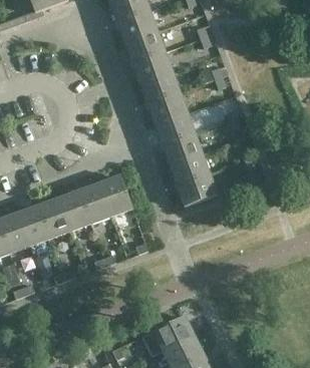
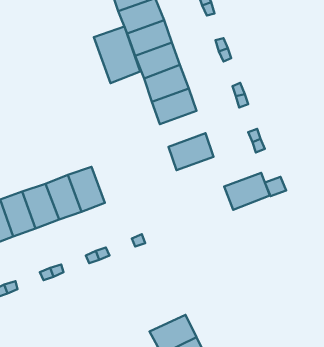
building: none -> [94,27,140,83]
building: [162,132,203,164] -> none
building: [177,173,218,207] -> [224,173,270,210]
building: [100,174,132,215] -> none

